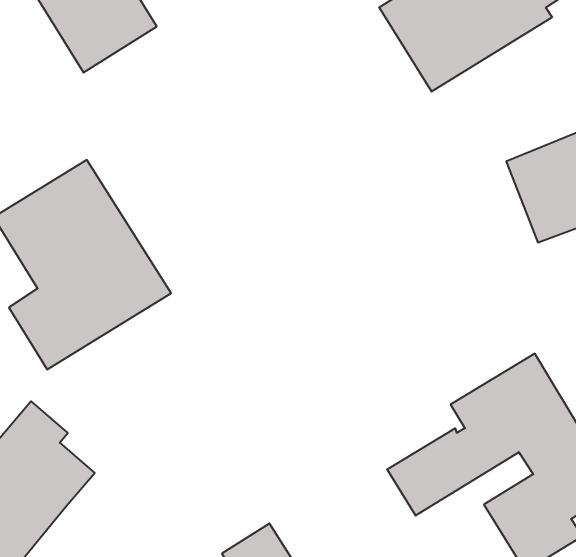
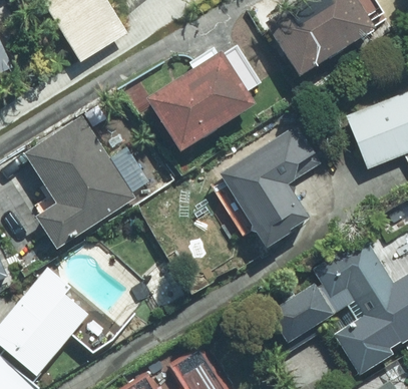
building: none -> [148,47,260,149]
building: none -> [223,125,319,243]

